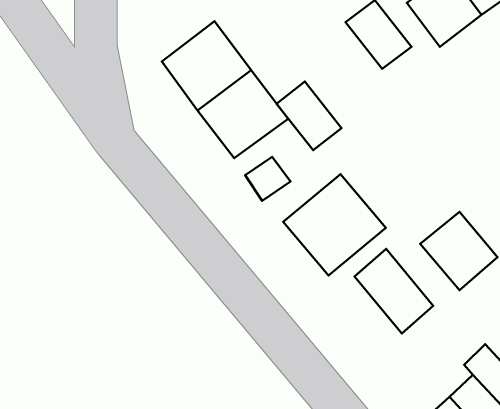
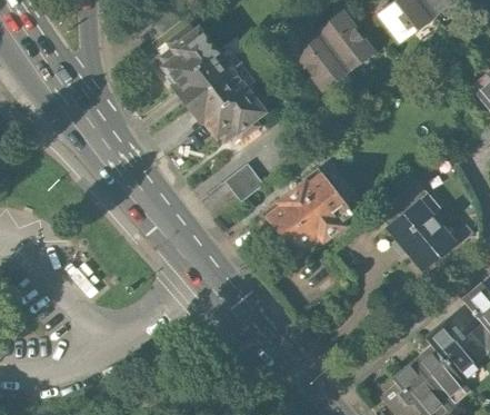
building: [277,82,341,150] -> [296,27,354,89]
building: [354,249,433,333] -> none

